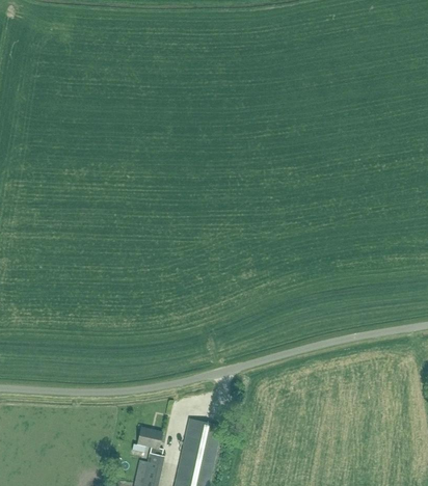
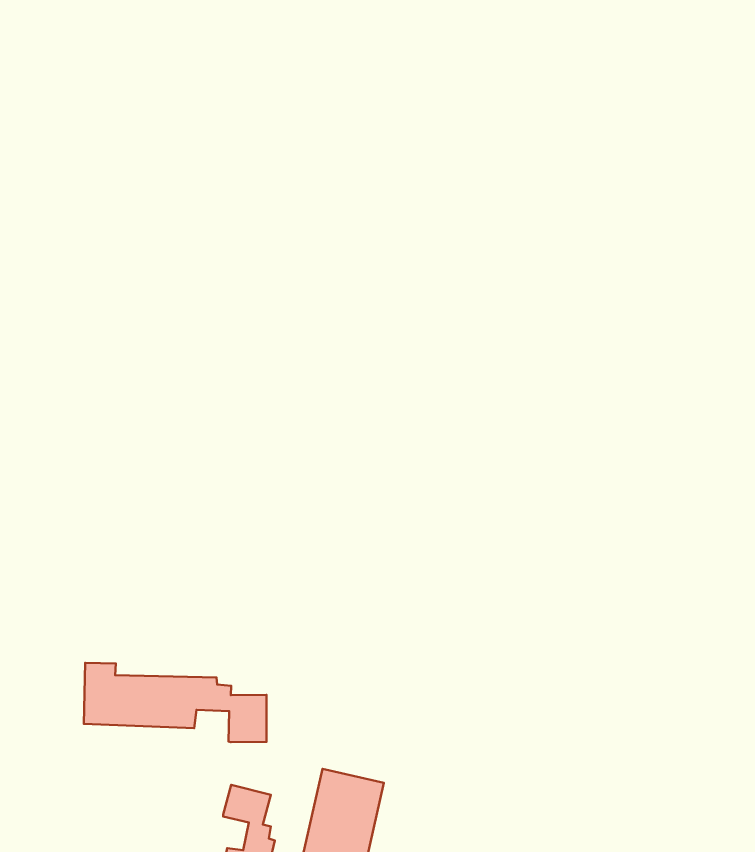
building: none -> [84,663,267,742]

